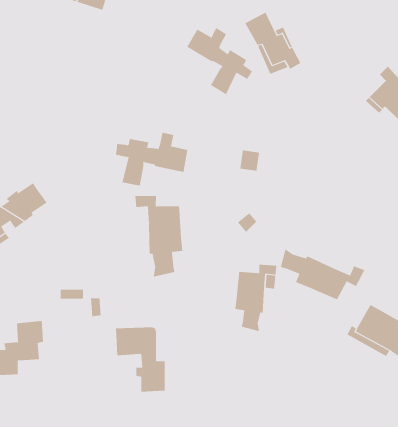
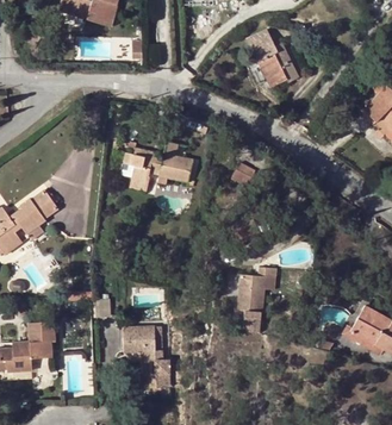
building: [187,27,253,95] -> none
building: [135,195,183,277] -> none
building: [280,248,365,300] -> none

